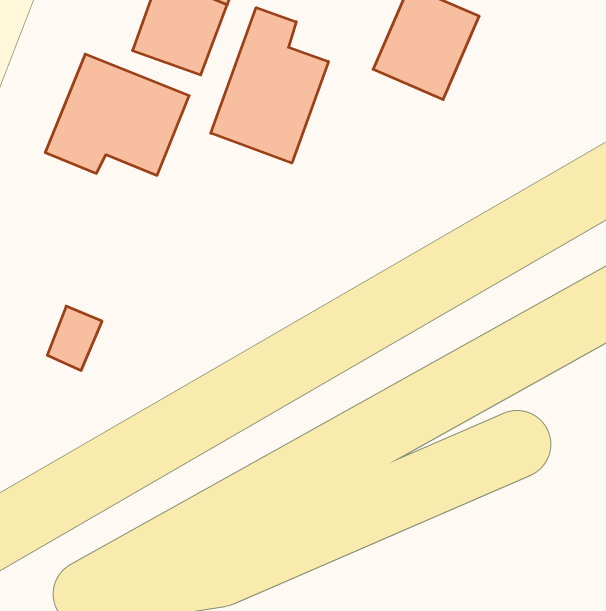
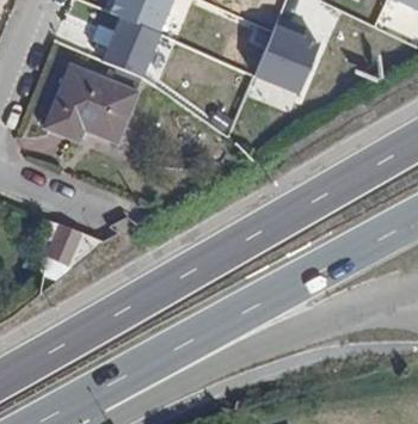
building: [211,8,328,163] -> none

